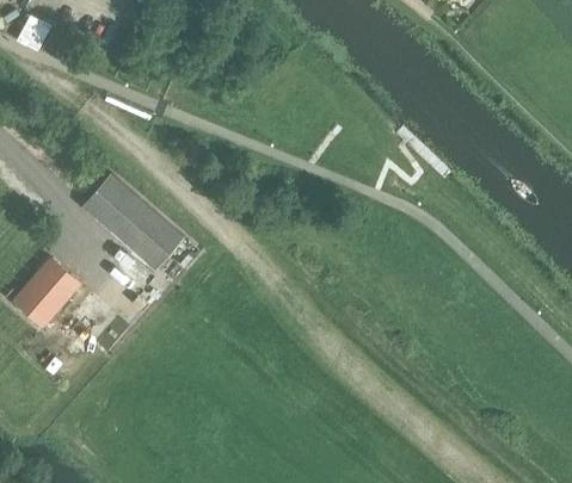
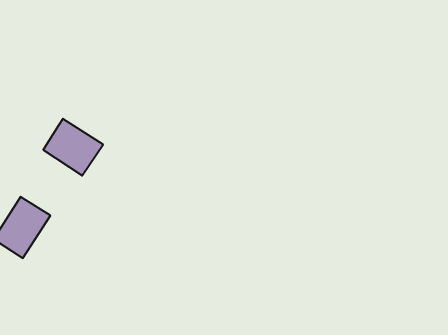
building: [123,209,183,268] -> none

